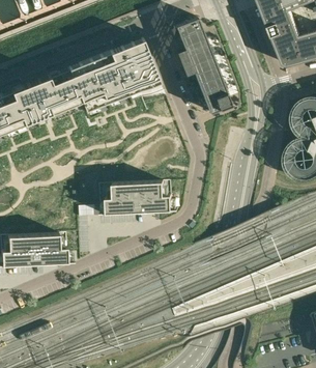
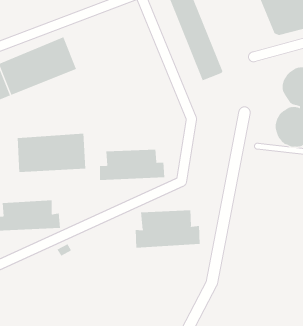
building: [66,38,157,111] -> none
building: none -> [17,133,86,173]
building: none -> [135,210,200,249]

